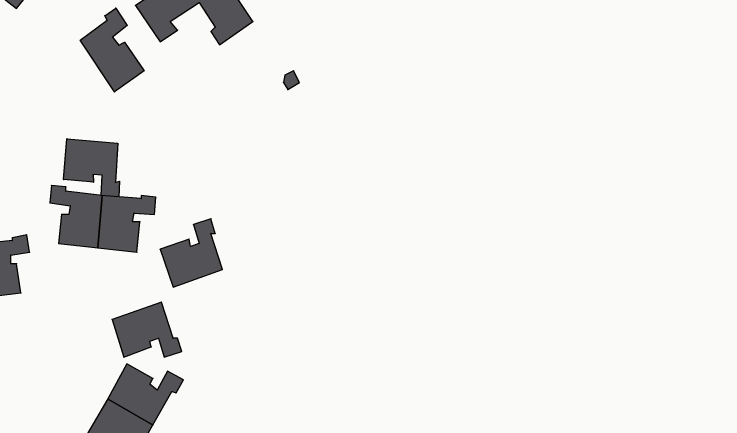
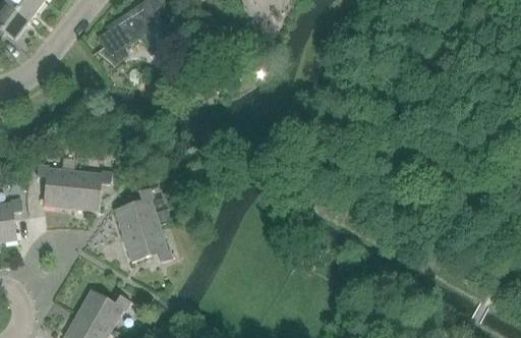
building: [80,8,144,92] -> none
building: [64,139,120,197] -> none
building: [112,302,182,357] -> [124,222,173,261]

